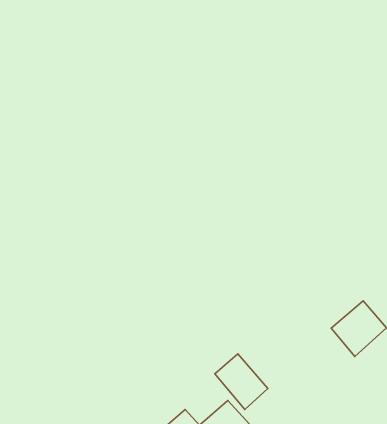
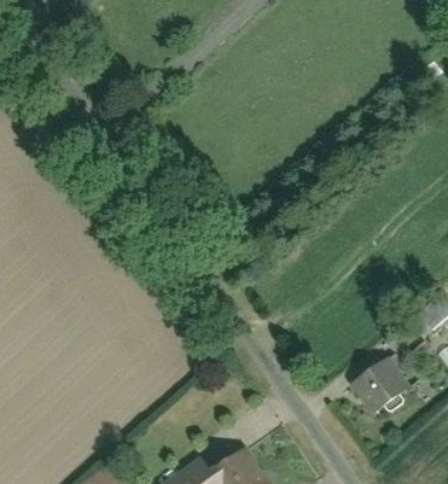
building: [215,354,268,410] -> none

